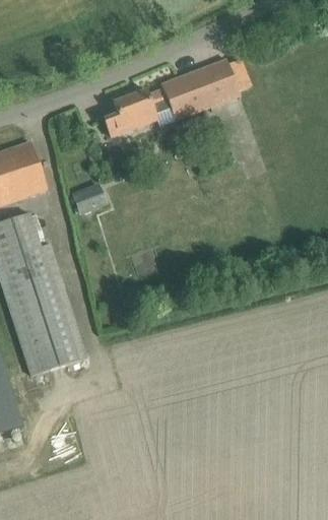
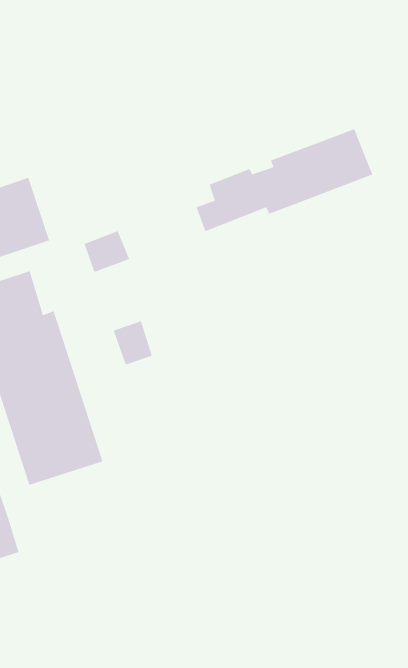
building: [106,58,242,137] -> [195,128,374,232]
building: none -> [113,320,153,365]

